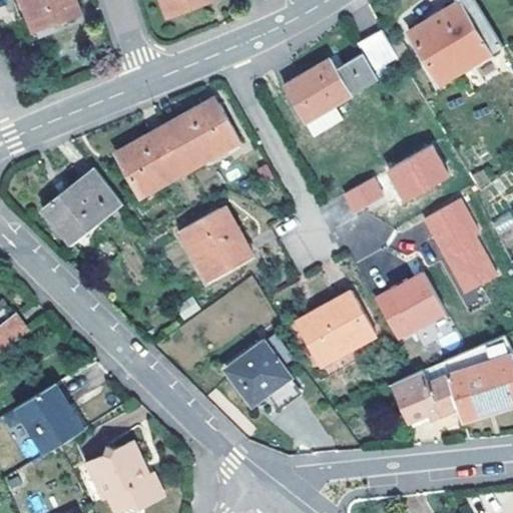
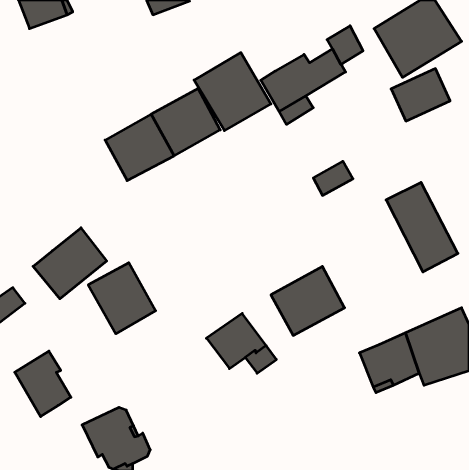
building: none -> [194,53,271,131]
building: [384,146,448,203] -> [391,69,450,121]
building: [42,167,122,244] -> [33,228,107,299]
building: [179,205,252,283] -> [88,263,156,334]
building: [373,274,444,341] -> none

